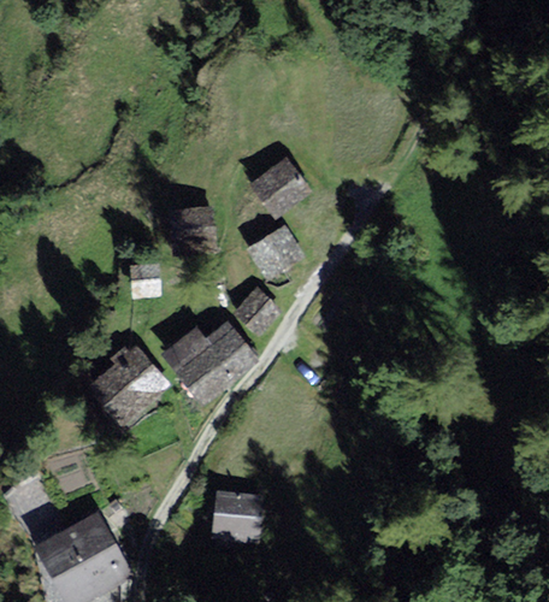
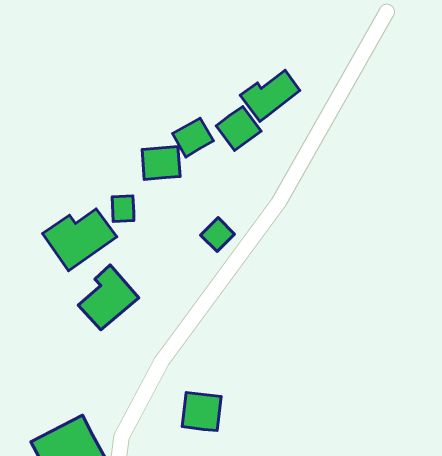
building: none -> [240,70,300,122]
building: [253,228,301,273] -> [172,118,214,157]
building: [166,323,253,395] -> [43,209,117,271]

